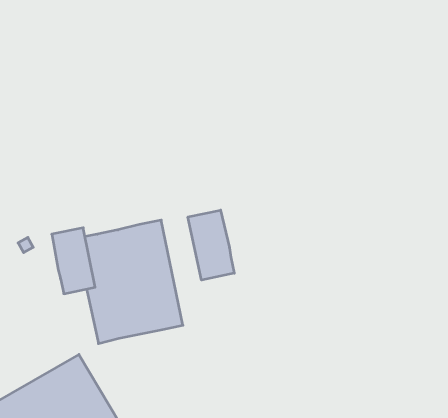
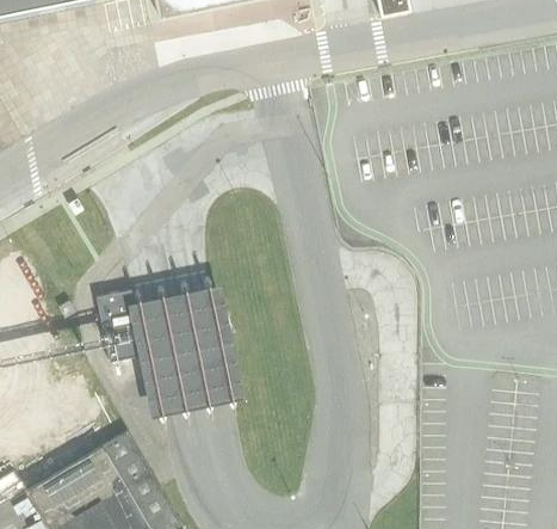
building: [188,210,234,280] -> none

